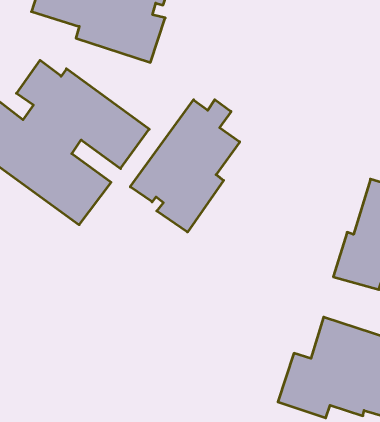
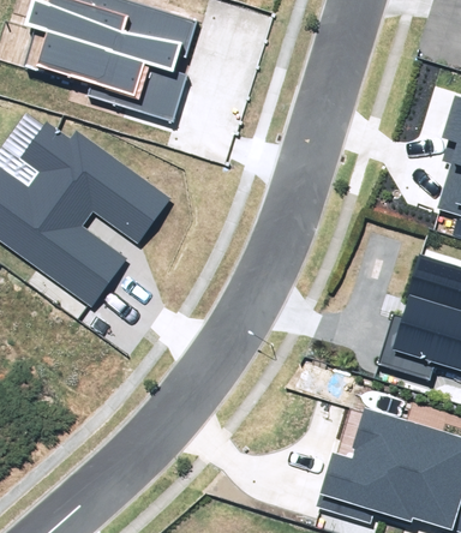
building: [130,100,240,232] -> none

